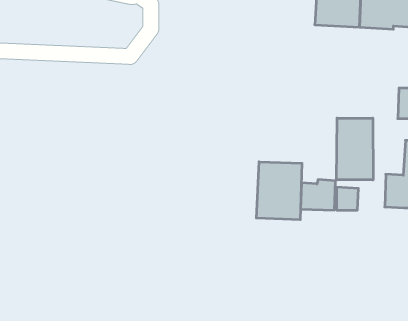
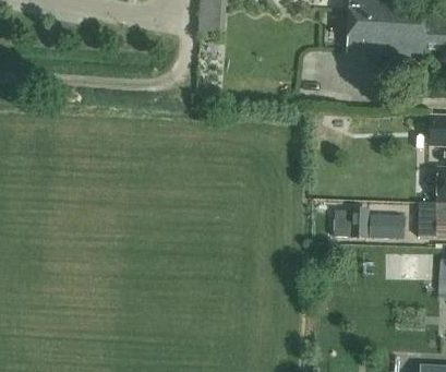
building: [337,118,373,180] -> none
building: [256,162,302,220] -> none

